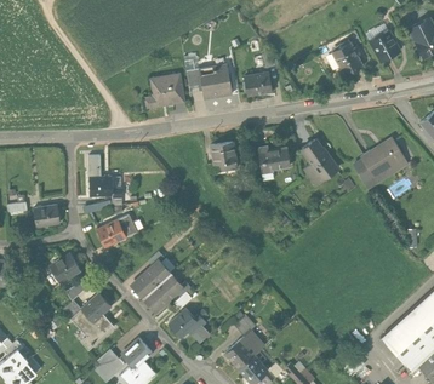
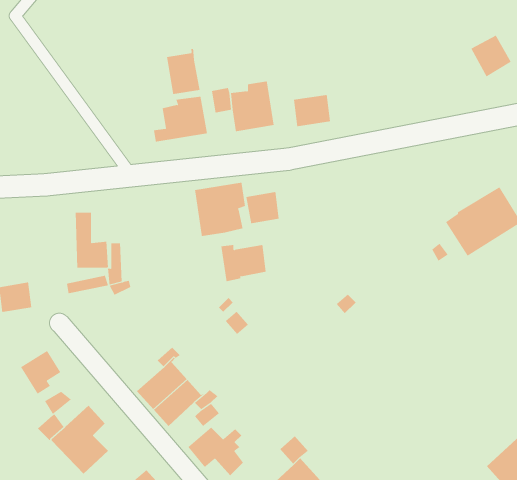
building: none -> [166,48,200,95]
building: [332,40,361,74] -> none
building: none -> [195,182,246,237]
building: [301,139,335,178] -> none
building: [256,147,289,173] -> [221,244,267,282]
building: [96,214,136,247] -> none

